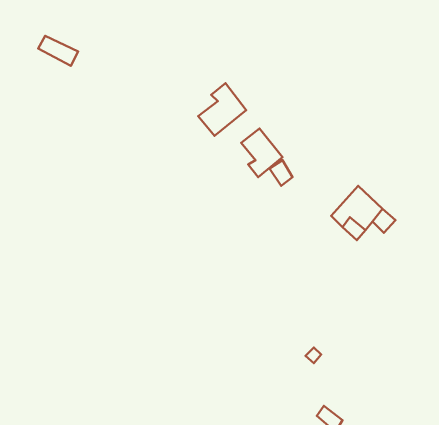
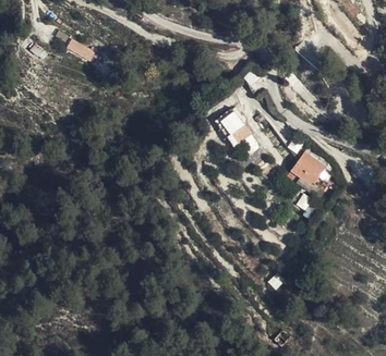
building: [198,83,246,136] -> none

